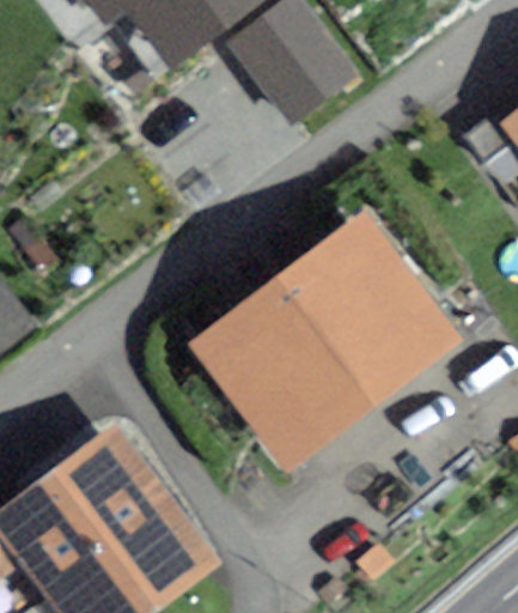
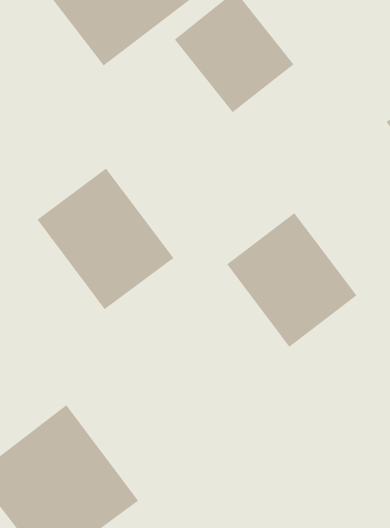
building: none -> [36,168,174,310]
building: [211,293,355,443] -> none

